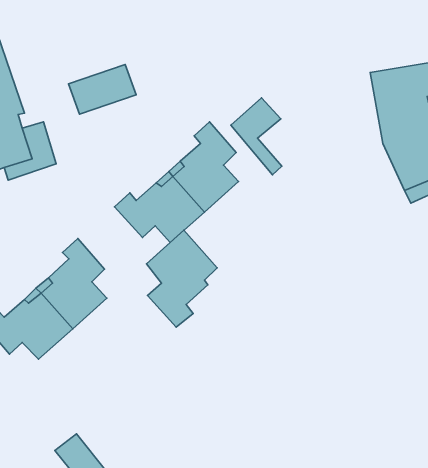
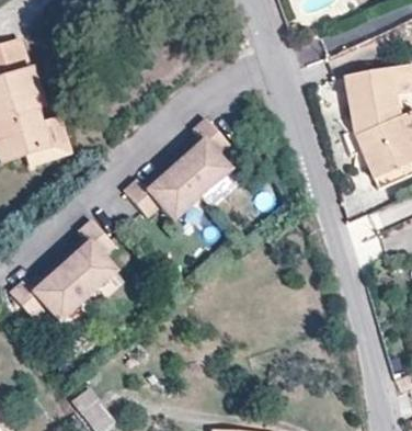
building: [68,64,136,114] -> none
building: [231,98,282,175] -> none
building: [146,230,217,327] -> none

